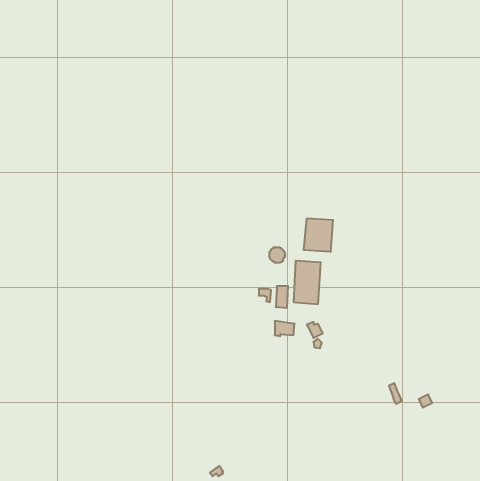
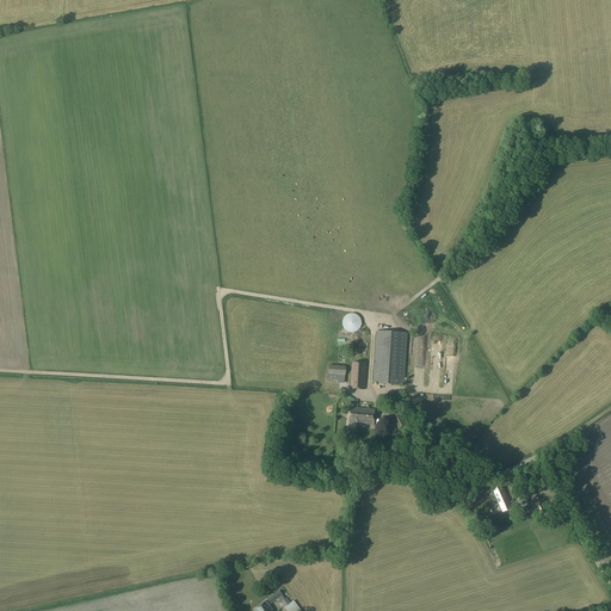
building: [304,218,333,252] -> none

